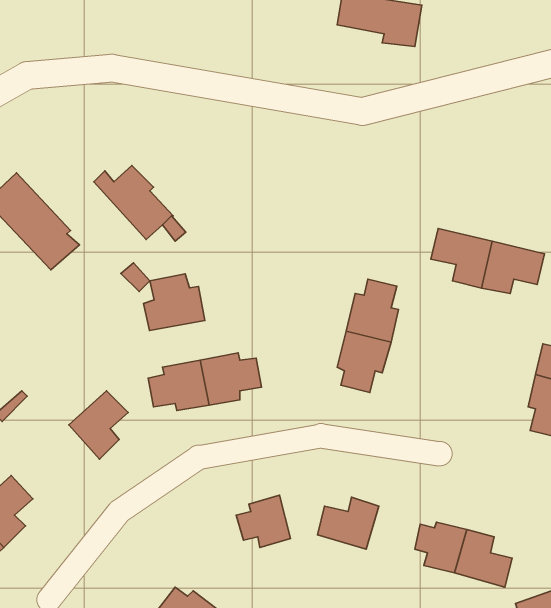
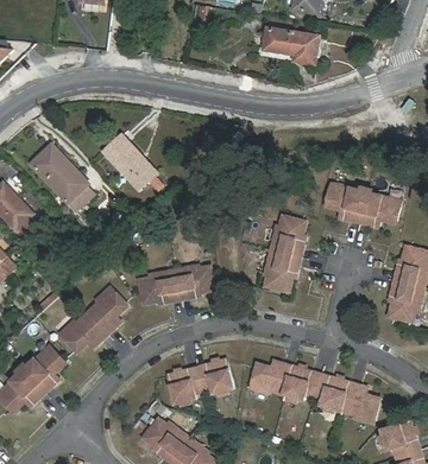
building: [144,274,205,331] -> none
building: none -> [61,312,106,350]
building: none -> [282,366,317,399]
building: none -> [166,369,201,402]

